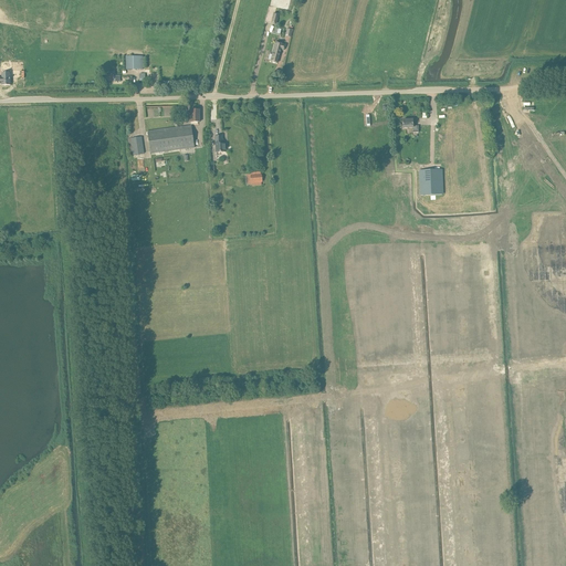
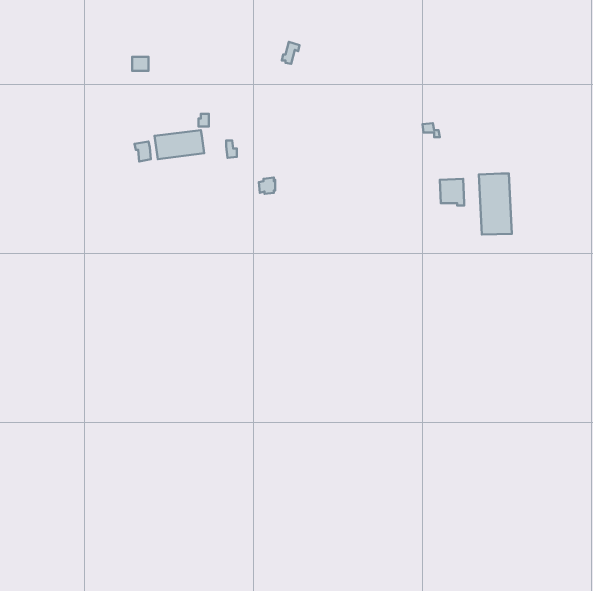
building: none -> [479,173,512,234]

